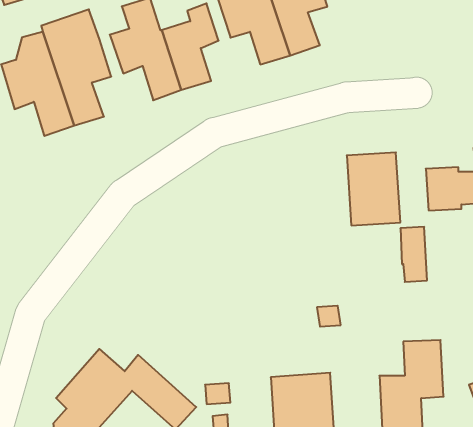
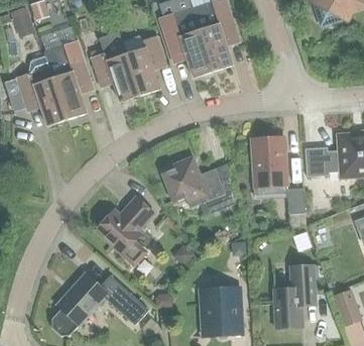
building: none -> [161,158,235,214]
building: none -> [95,197,154,266]

